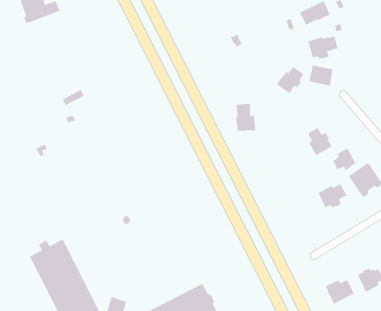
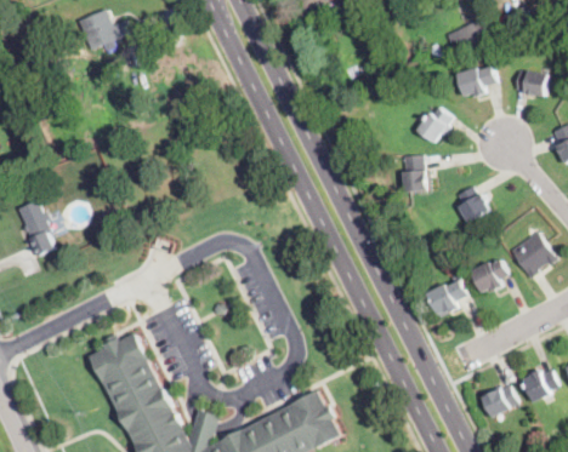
building: [309,65,333,86] -> [516,69,549,97]
building: [235,104,256,131] -> [403,154,431,190]
building: [332,148,356,171] -> none
building: none -> [427,279,468,316]

